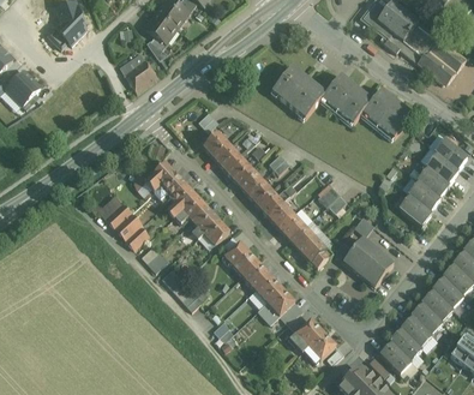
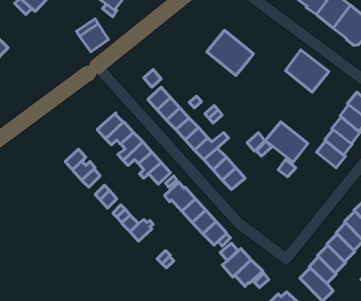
building: [320,73,371,122] -> none
building: [299,237,331,269] -> none
building: [342,238,391,285] -> [265,122,308,162]

